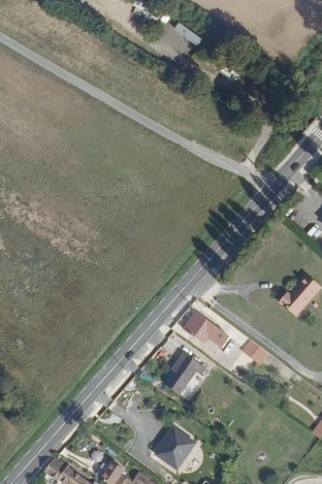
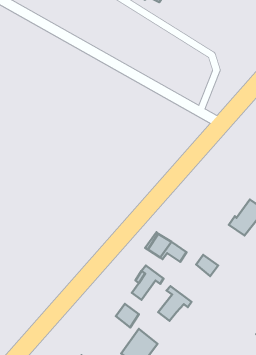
building: none -> [158,286,191,321]
building: none -> [116,304,139,327]

